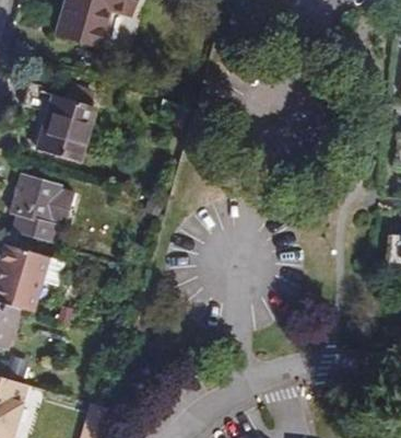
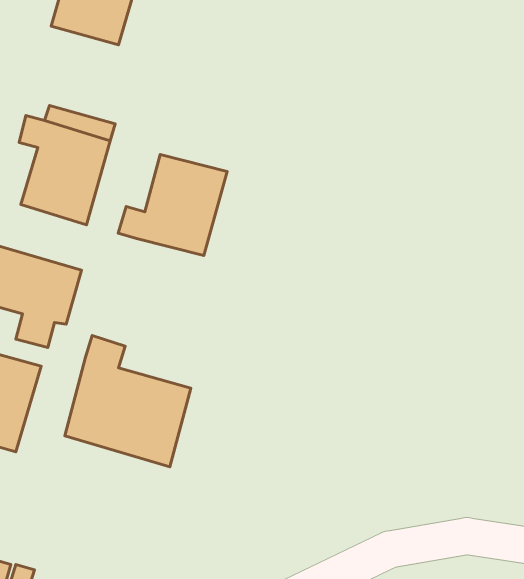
building: none -> [118,154,227,255]
building: none -> [65,335,191,467]

